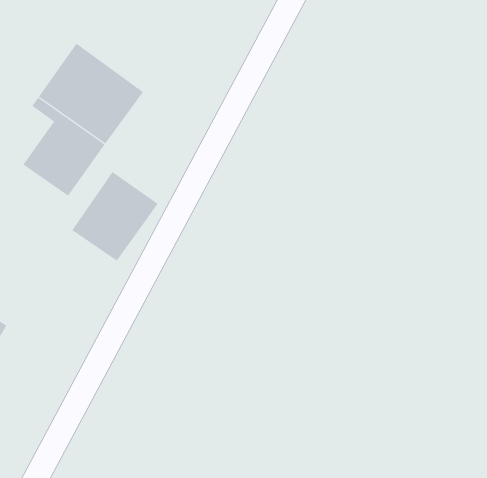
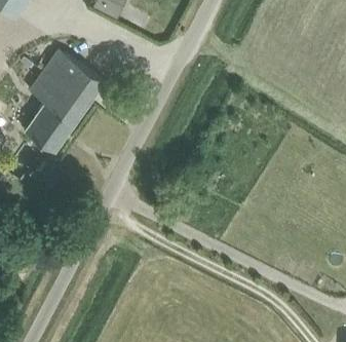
building: [71,171,158,262] -> none

